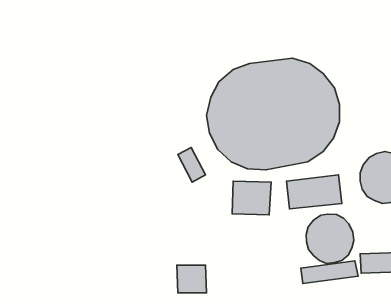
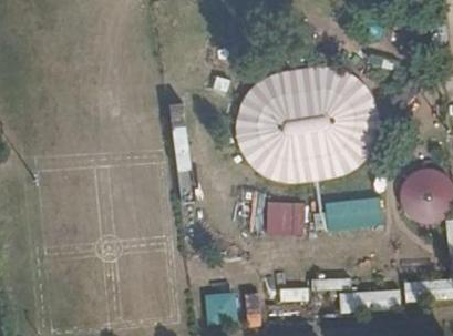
building: [306,214,354,264] -> none

